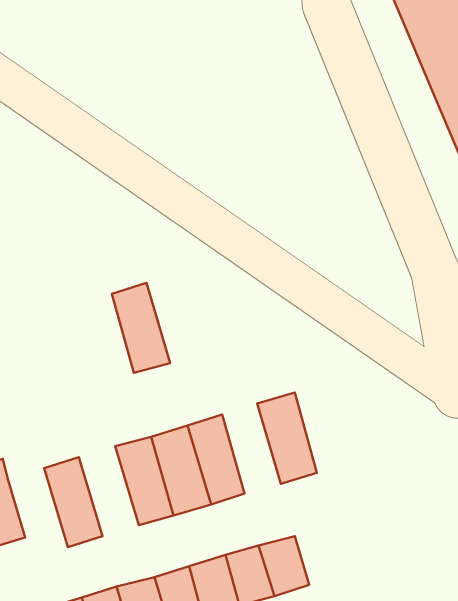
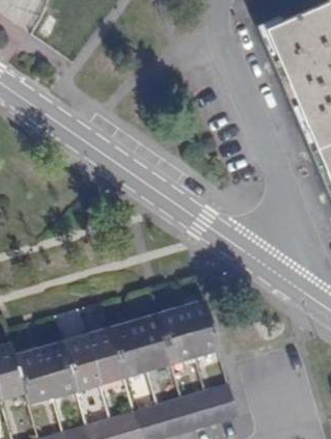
building: [112,283,170,373] -> [150,306,189,365]
building: none -> [56,334,95,393]
building: none -> [9,349,49,407]
building: none -> [198,386,232,426]

